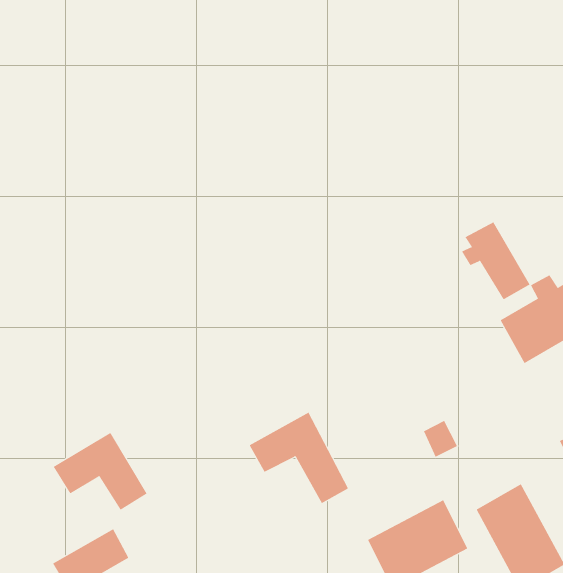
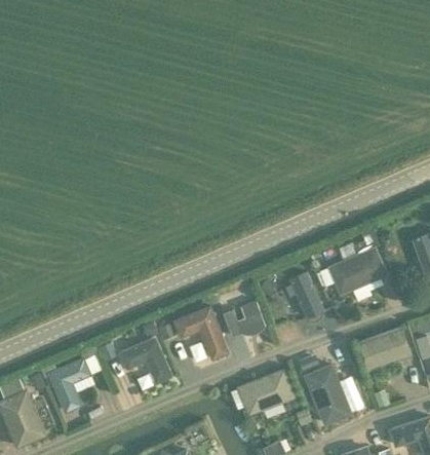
building: [461,222,531,300] -> [283,271,322,318]
building: none -> [223,302,265,337]
building: [53,432,148,510] -> [118,337,172,384]

